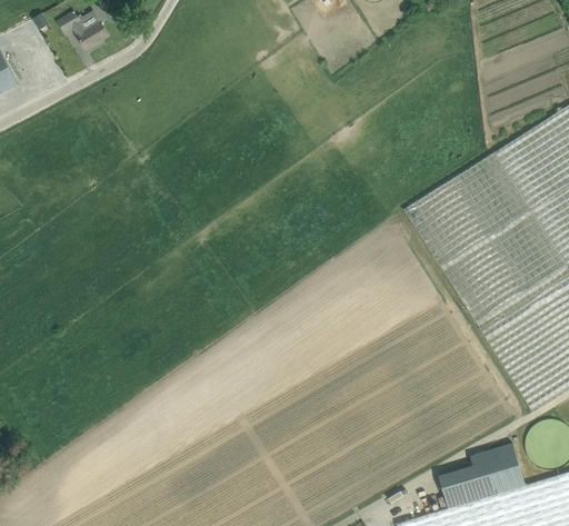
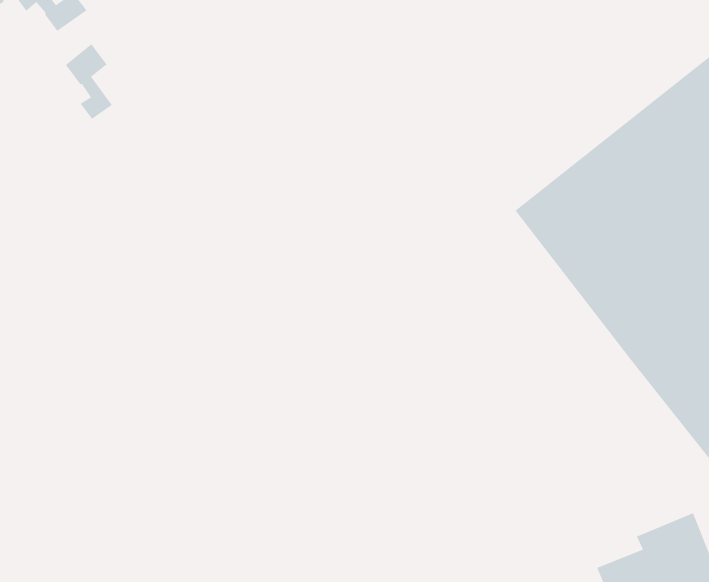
building: none -> [65,43,113,120]

